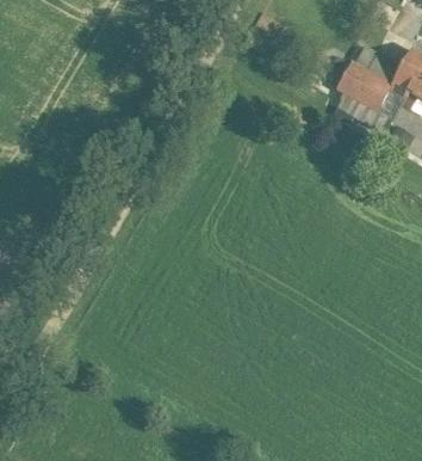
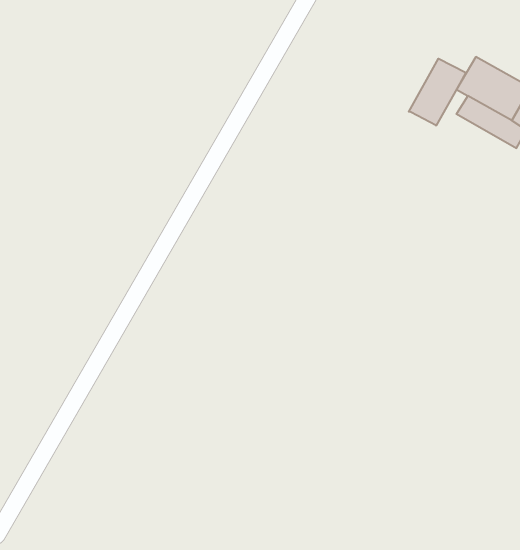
building: none -> [409,59,466,126]

